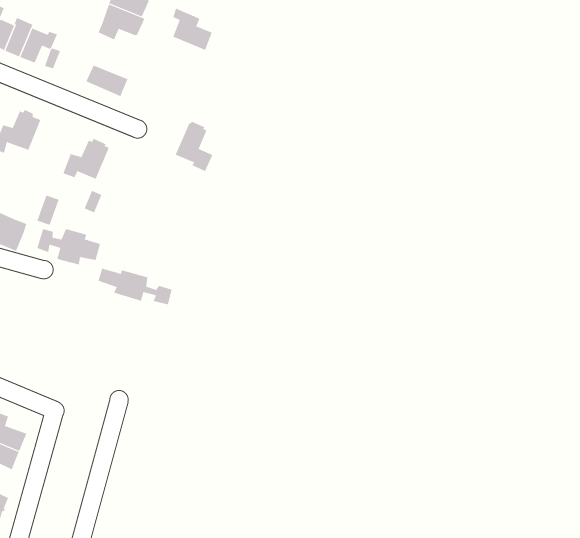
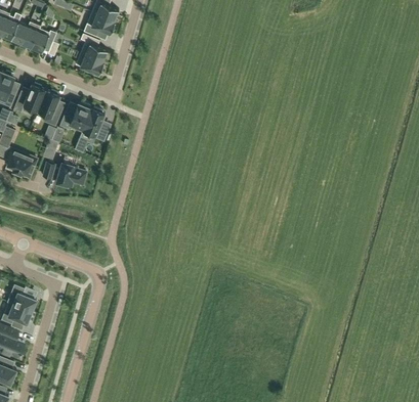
building: [173,8,212,51] -> [81,34,108,62]
building: none -> [38,90,62,126]
building: [175,121,213,172] -> [83,107,109,141]
building: [98,268,172,305] -> none

